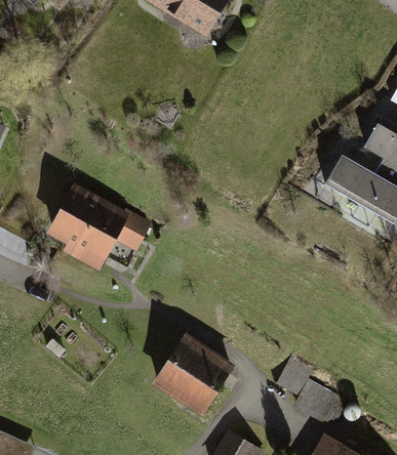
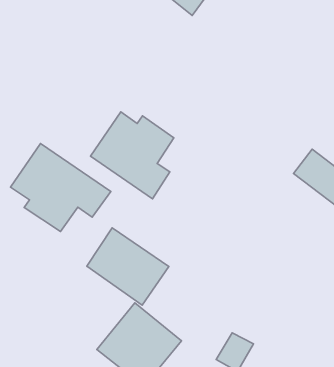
building: none -> [91,112,174,199]
building: none -> [87,228,169,305]

